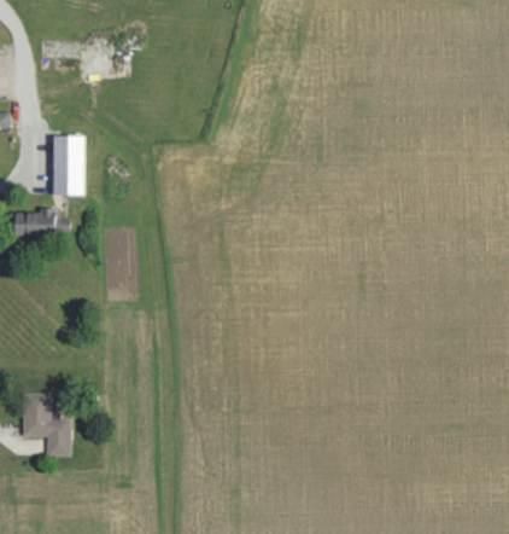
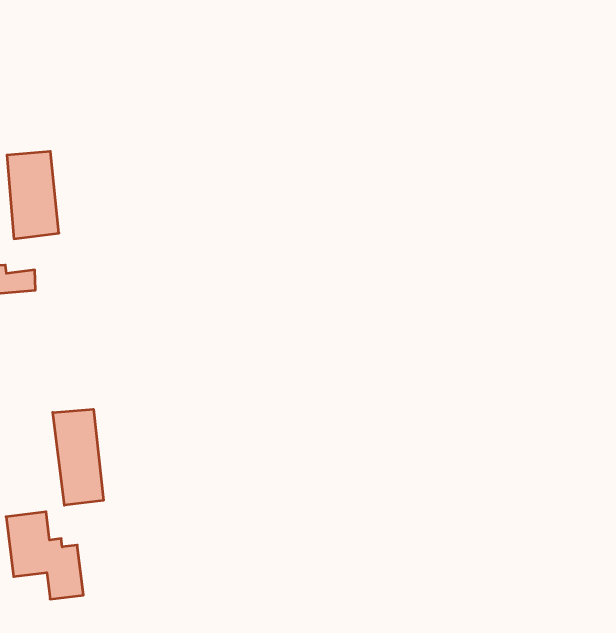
building: none -> [53,409,103,505]

